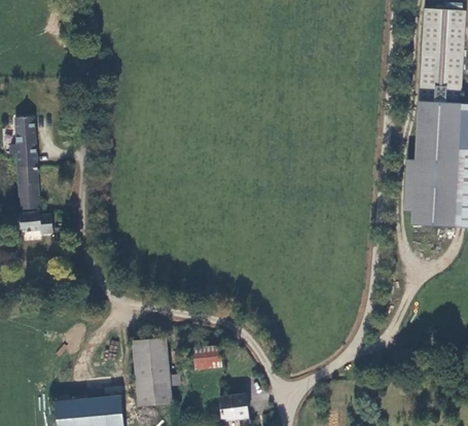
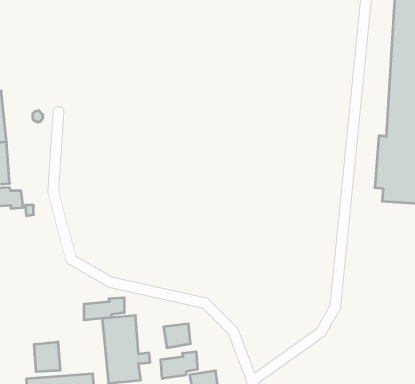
building: none -> [84,298,124,320]
building: none -> [34,342,60,372]
building: none -> [161,352,197,379]

